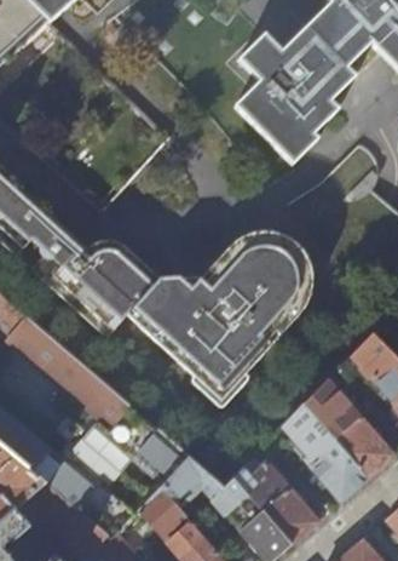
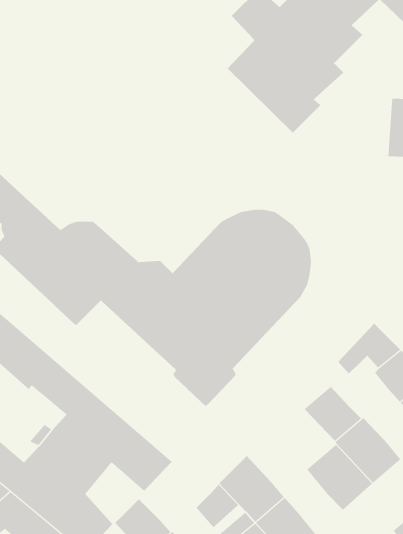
building: [279,403,335,462] -> none
building: [158,457,221,509] -> none

